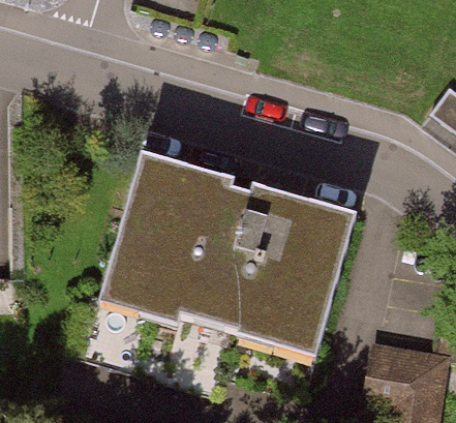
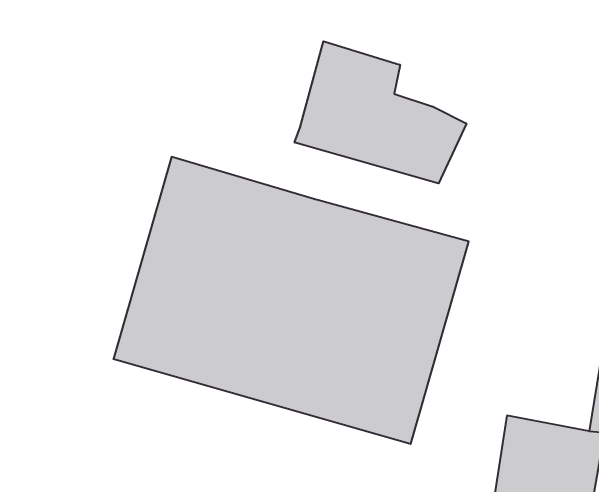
building: none -> [295,41,466,183]

